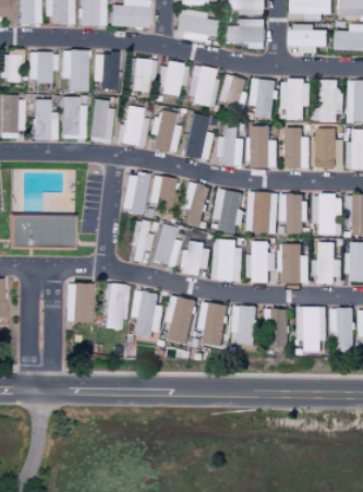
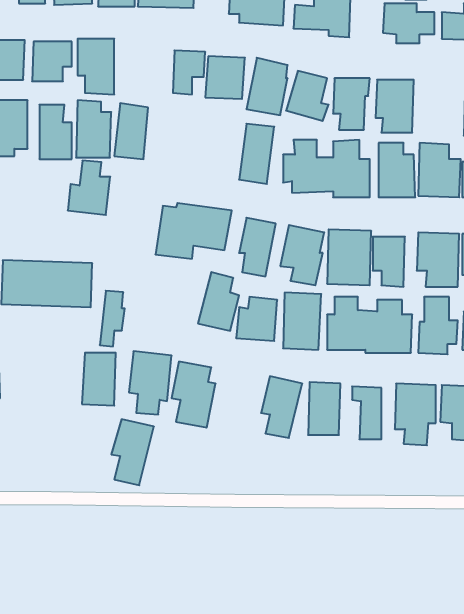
building: [94,53,118,87] -> none
building: [319,80,344,122] -> none
building: [116,106,147,146] -> [68,161,110,215]
building: [150,109,180,153] -> none
building: [134,220,153,262] -> [100,291,125,346]
building: [166,296,197,345] -> [111,419,154,485]

